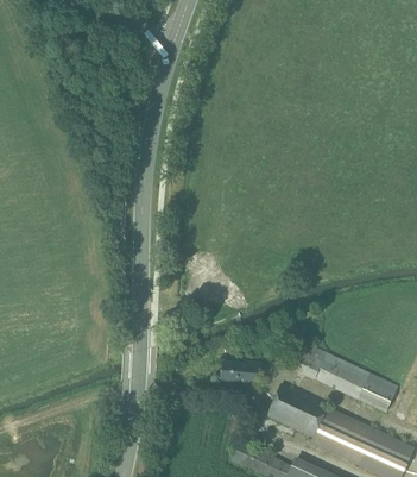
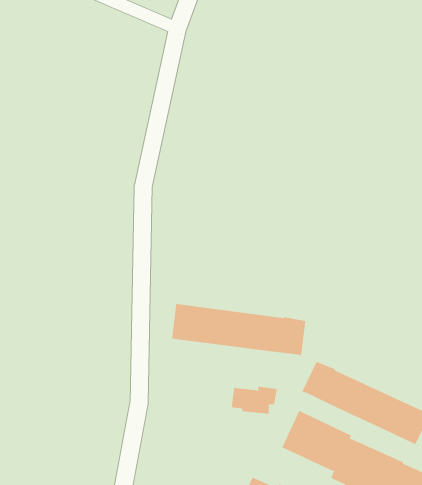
building: none -> [172,303,306,356]

